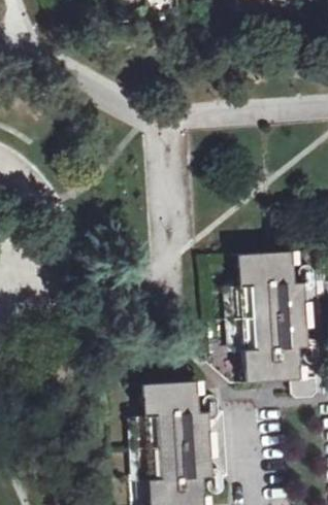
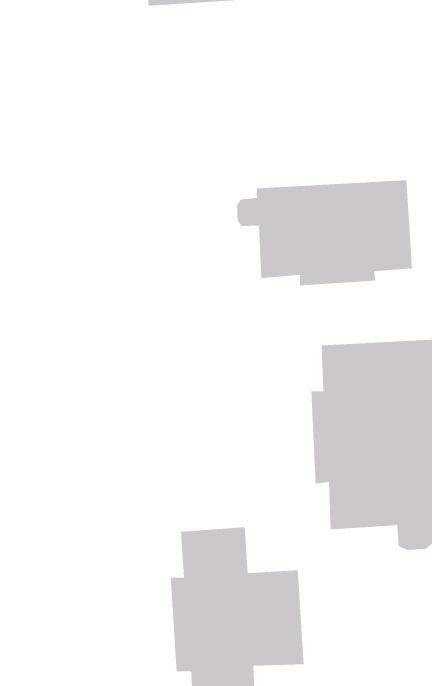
building: none -> [236,179,412,286]

